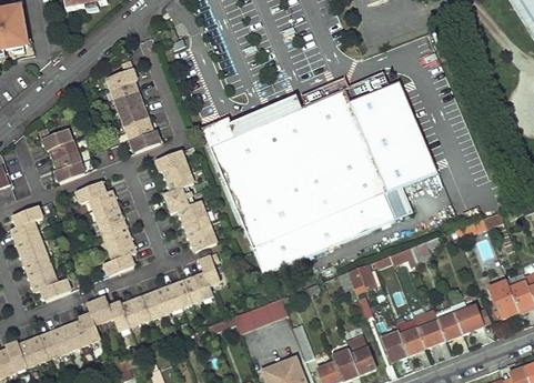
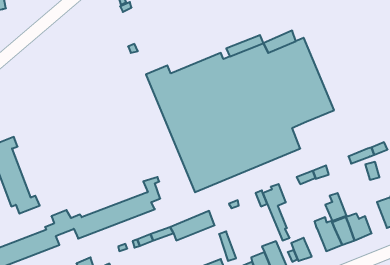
building: [107,61,161,153] -> none
building: [41,128,84,183] -> none
building: [157,151,216,252] -> none
building: [77,181,135,276] -> none
building: [384,187,413,220] -> none
building: [400,320,426,354] -> [325,193,347,221]

